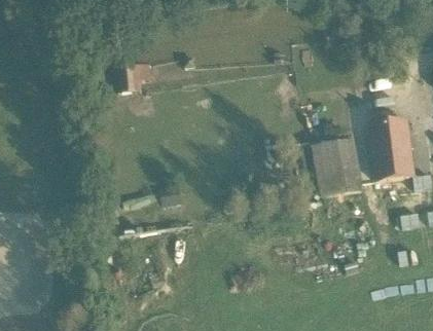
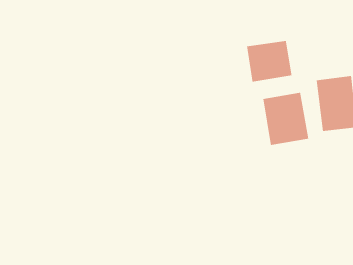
building: none -> [247,40,292,82]

